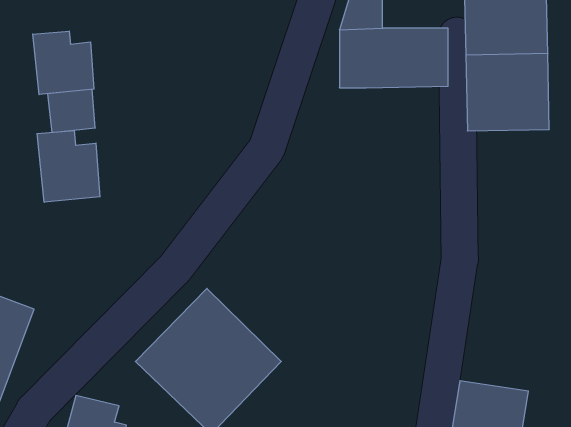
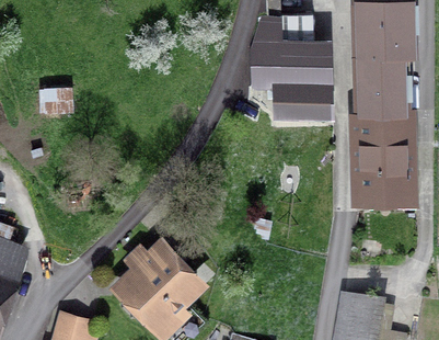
building: [33,31,94,95] -> none
building: none -> [274,83,335,121]
building: none -> [348,115,411,207]
building: [37,131,100,202] -> none

